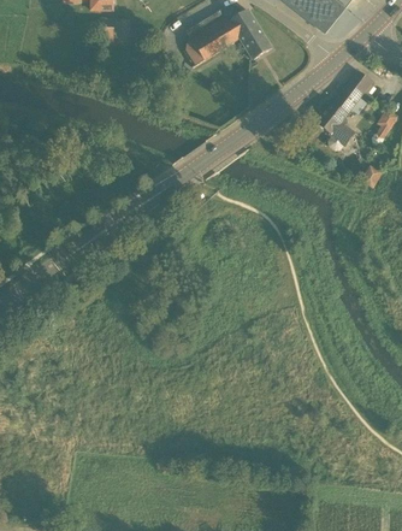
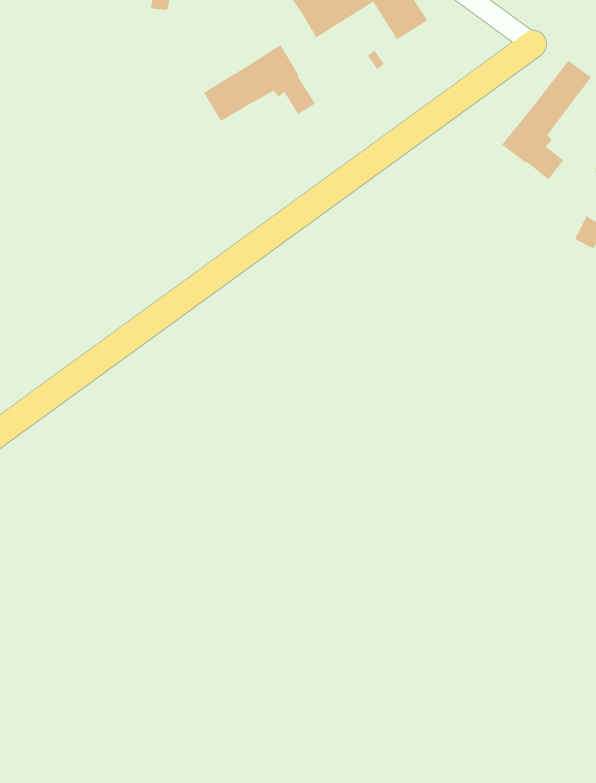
building: none -> [203,44,316,122]

